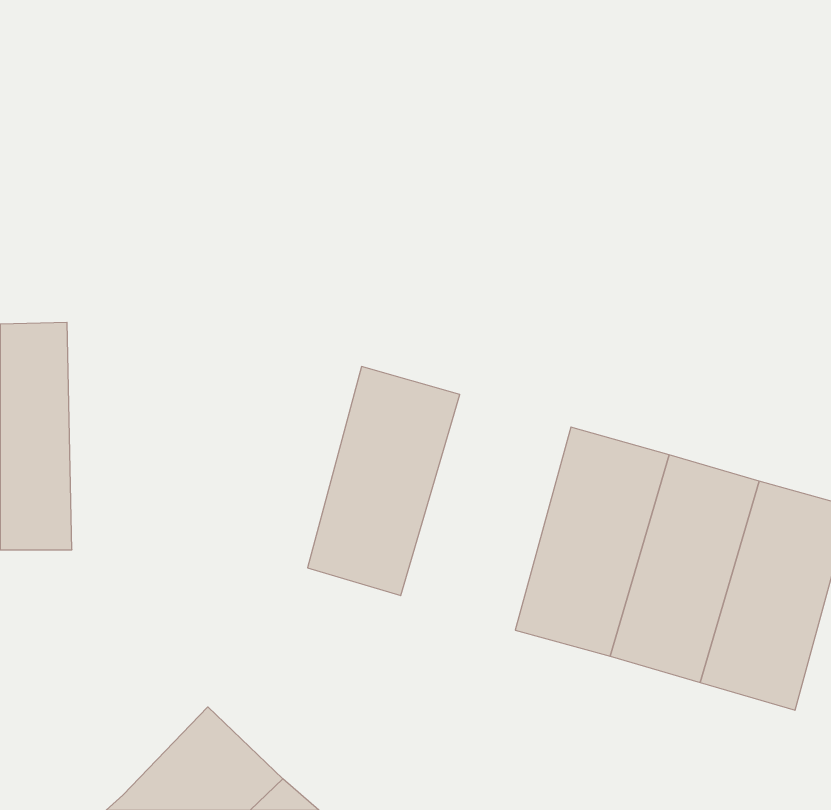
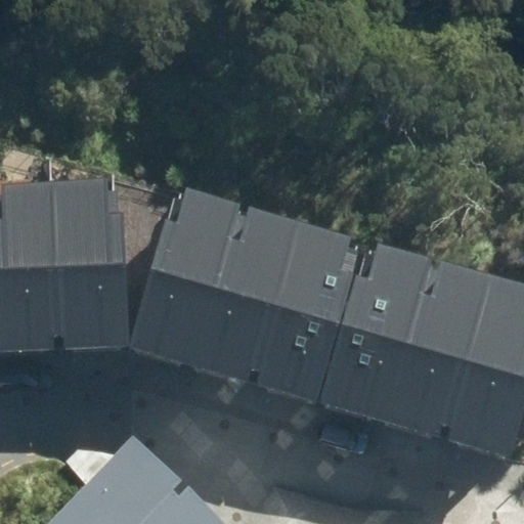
building: none -> [45,201,117,344]
building: none -> [133,213,229,355]
building: none -> [254,247,349,390]

